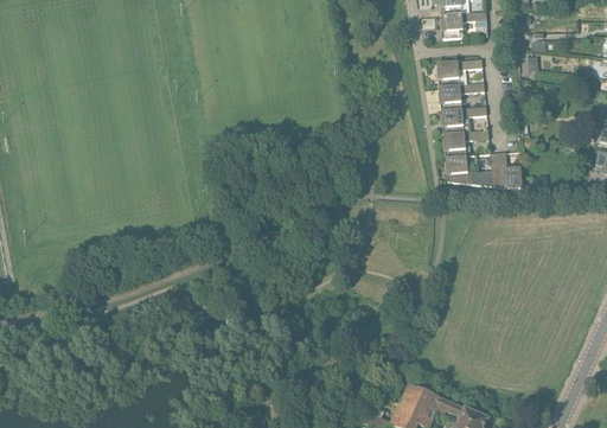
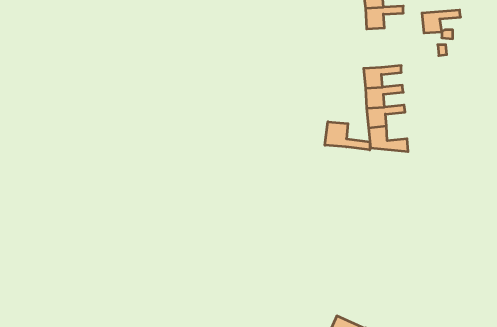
building: [436,58,483,85] -> [422,10,461,33]
building: none -> [325,122,370,150]
building: [491,152,522,187] -> none

